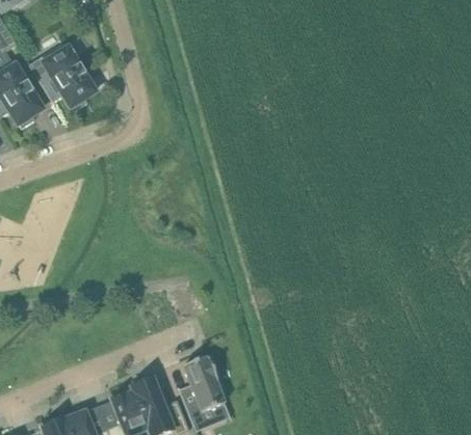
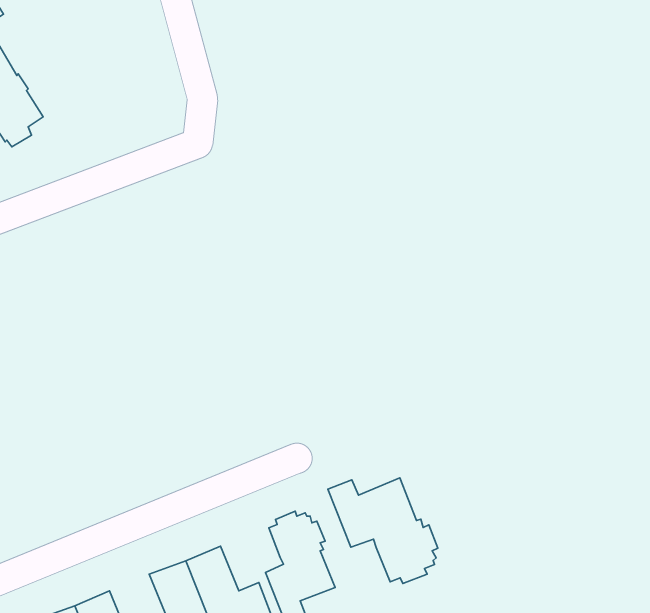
building: [30,42,96,110] -> none
building: none -> [328,478,438,583]

